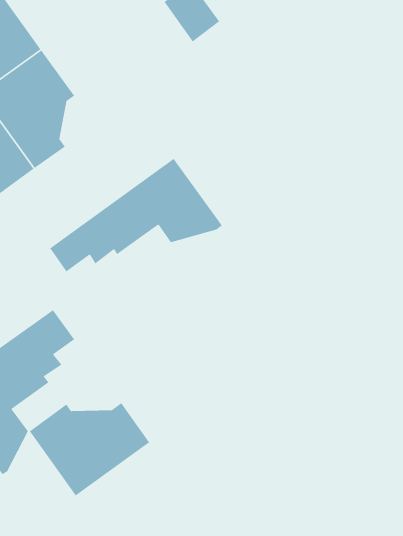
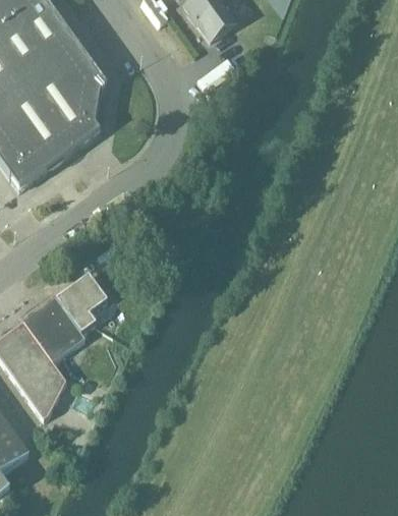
building: [49,158,223,272] -> none
building: [29,402,150,496] -> none

